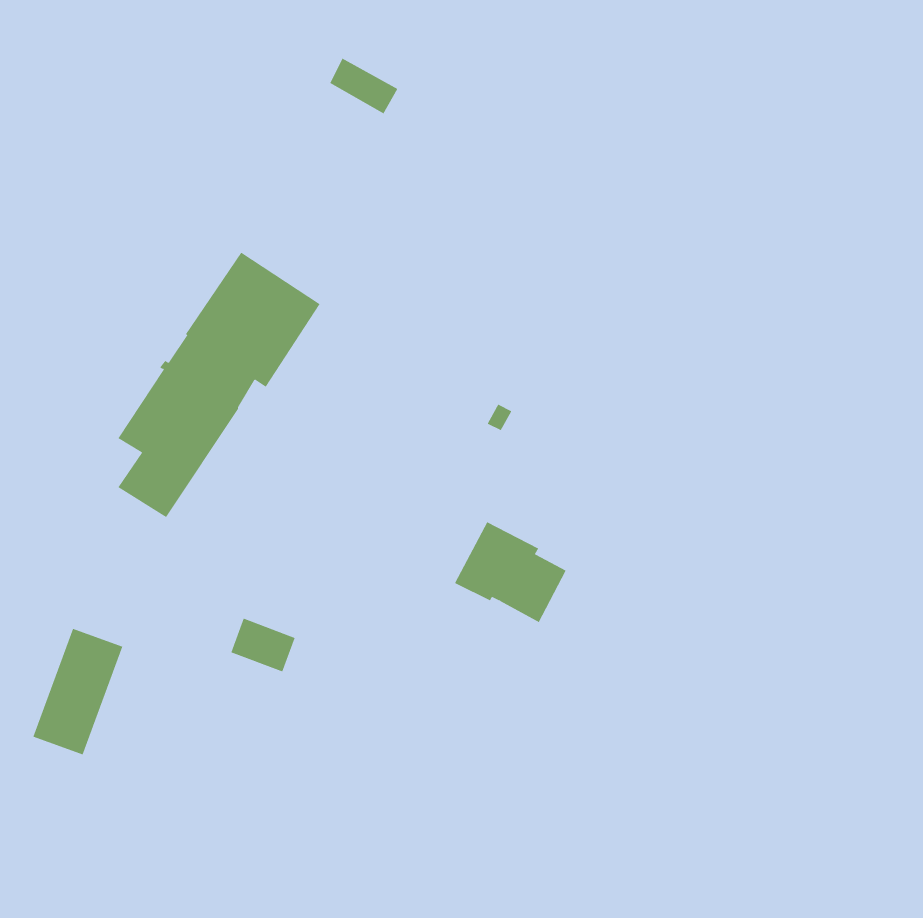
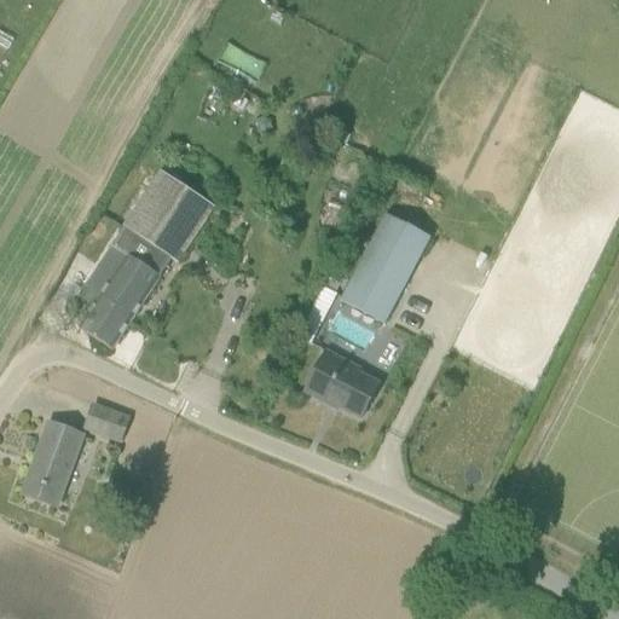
building: none -> [340,212,430,322]
building: [230,618,296,672] -> [85,401,128,438]

